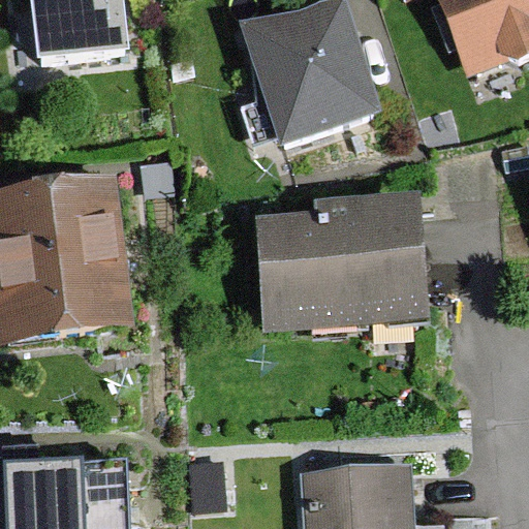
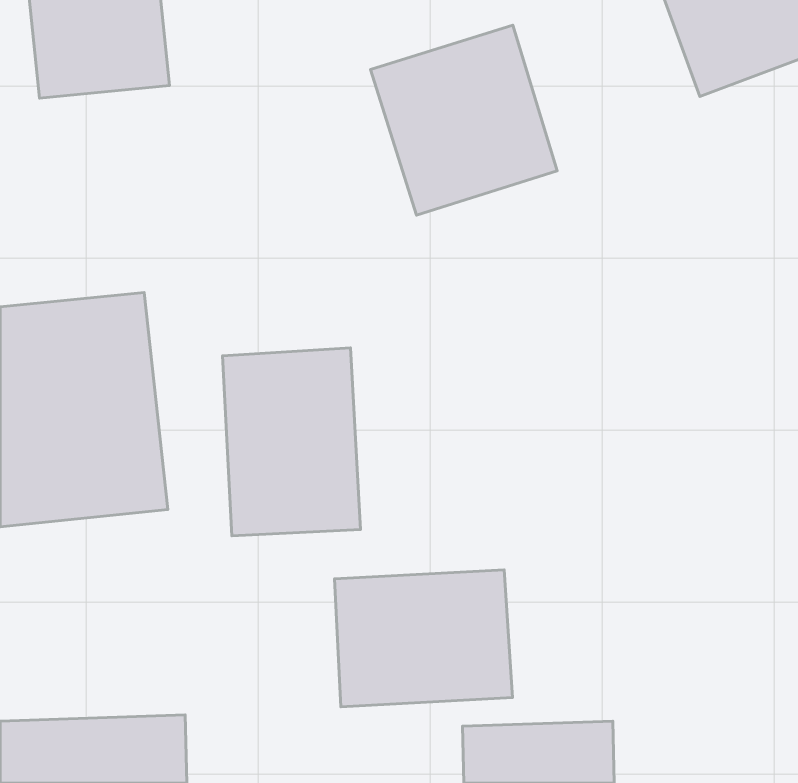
building: [263,222,414,324] -> none
building: none -> [222,348,361,536]
building: none -> [335,570,512,707]

